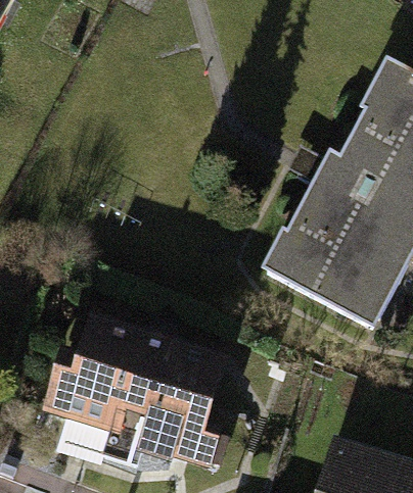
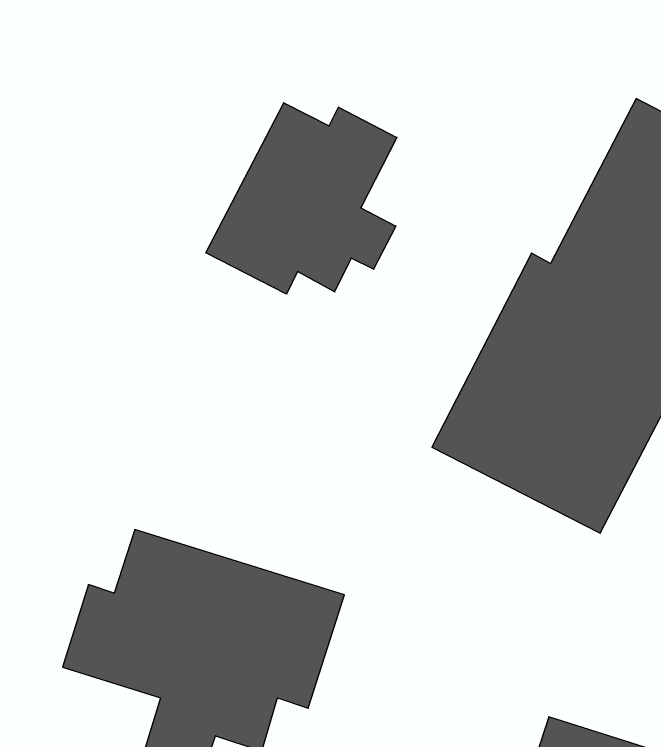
building: none -> [206,103,397,294]

